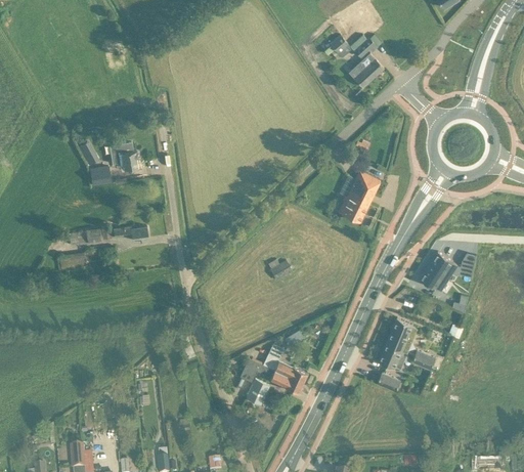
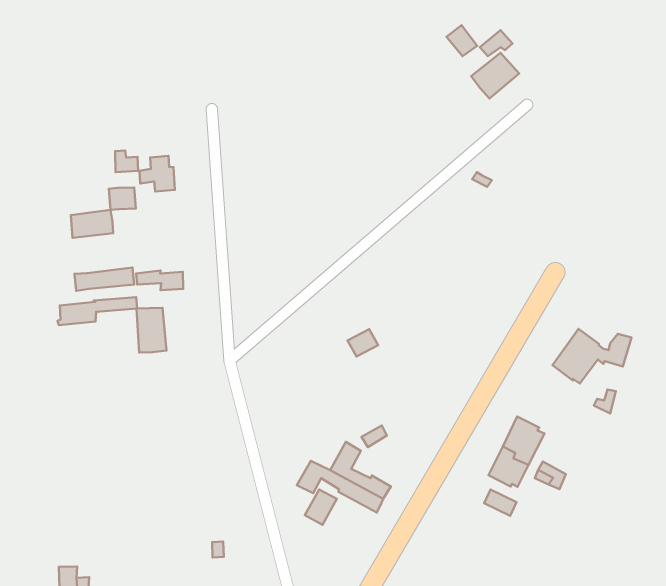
building: [338,169,379,221] -> none
building: none -> [71,210,113,238]
building: none -> [136,308,166,352]

